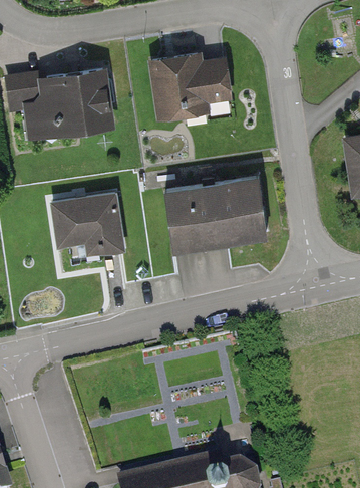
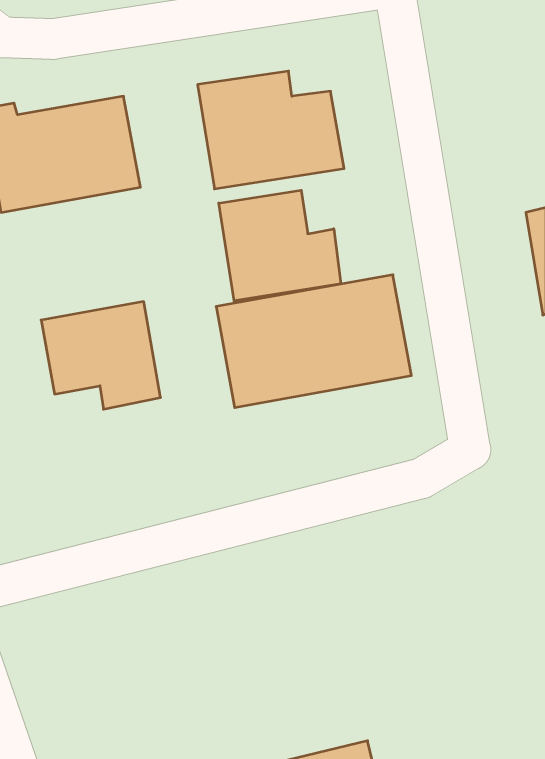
building: none -> [219,190,341,301]

